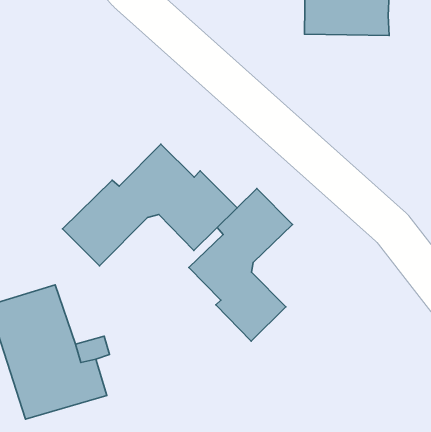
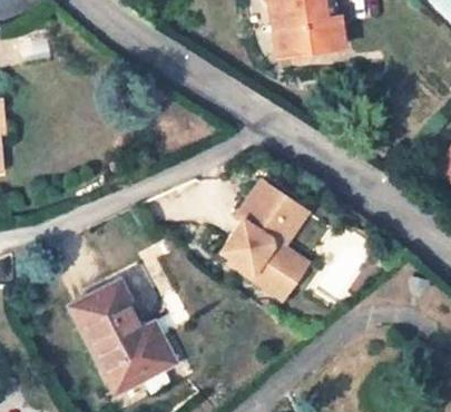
building: [63,144,237,266] -> none
building: none -> [269,204,308,268]

